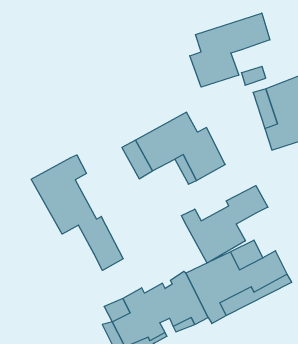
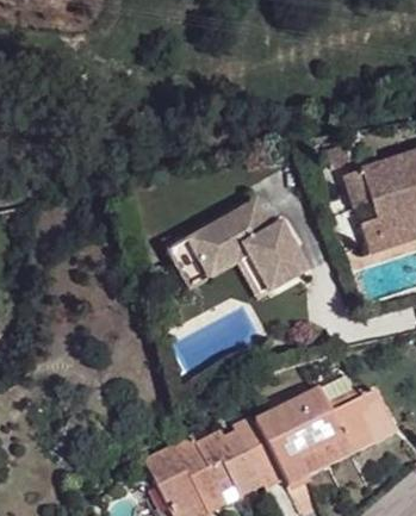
building: [190,13,270,87] -> none
building: [31,155,123,270] -> none
building: [182,186,268,263] -> none

